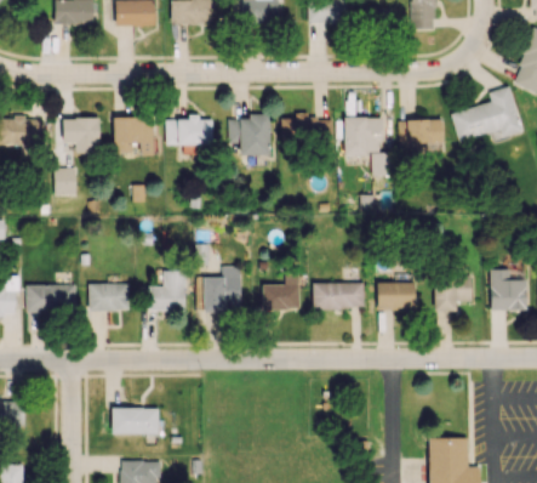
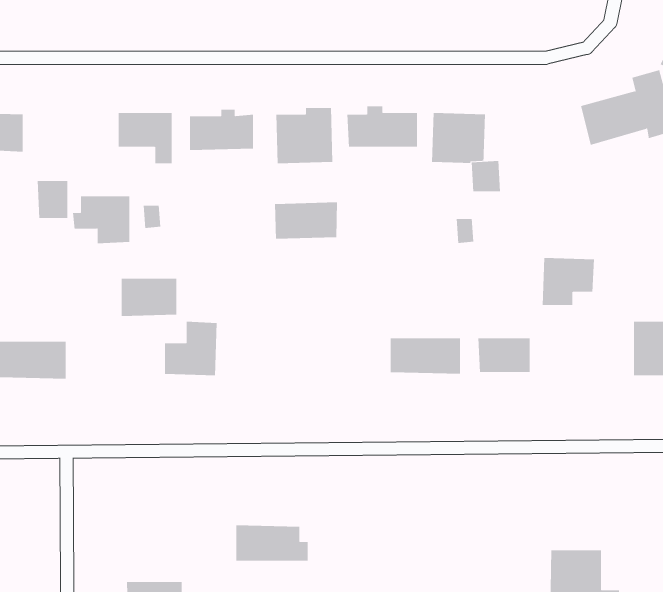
building: [57,119,99,154] -> [72,196,130,244]
building: [399,120,445,153] -> none
building: none -> [275,201,338,240]
building: [204,266,242,313] -> none
building: [434,277,473,312] -> [542,257,595,305]
building: [263,278,301,311] -> none
building: [88,284,130,312] -> [121,278,177,316]
building: [112,408,165,434] -> [235,525,308,561]

